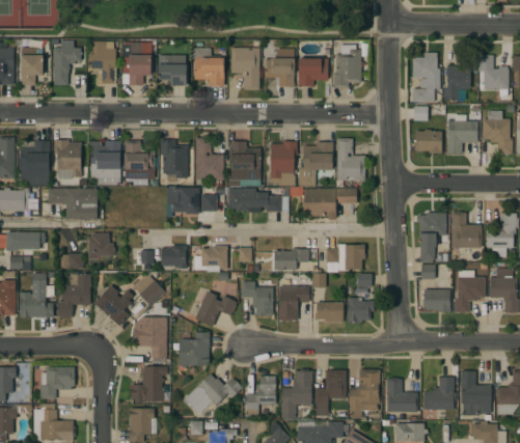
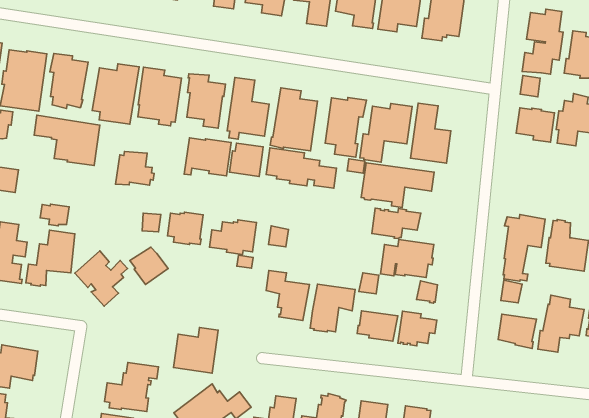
building: [87,232,115,259] -> [116,151,154,185]
building: [273,248,308,271] -> [372,208,421,239]
building: [194,290,237,327] -> none
building: [133,316,170,363] -> none

